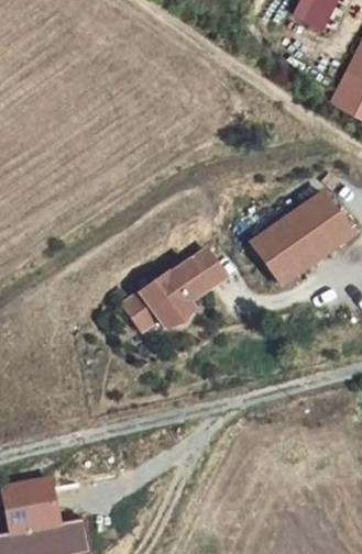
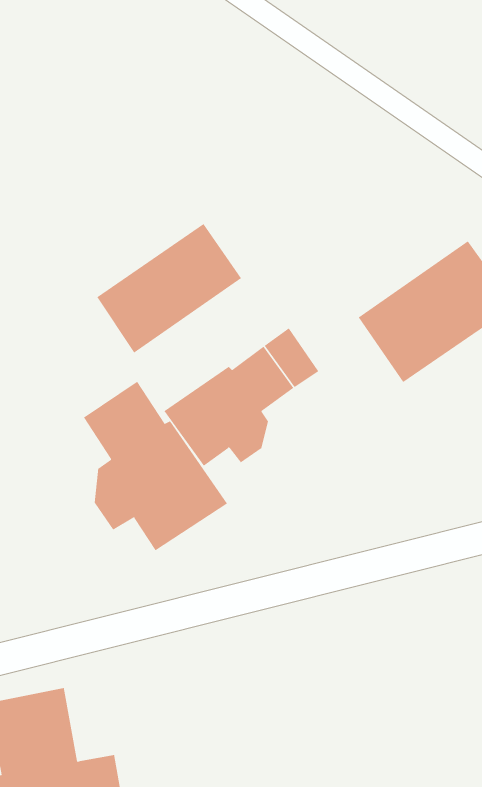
building: none -> [97,223,242,353]
building: none -> [83,381,228,551]

